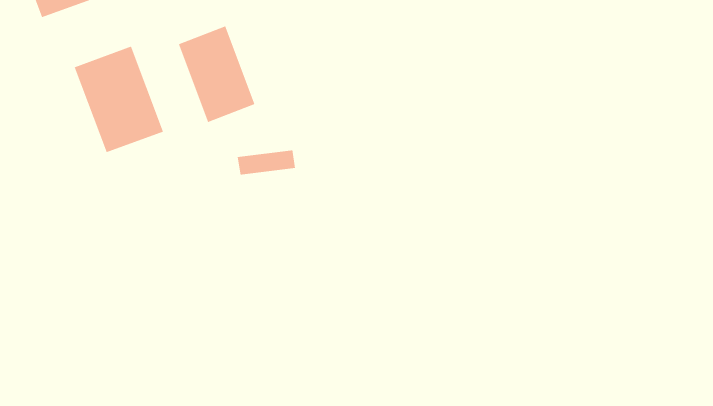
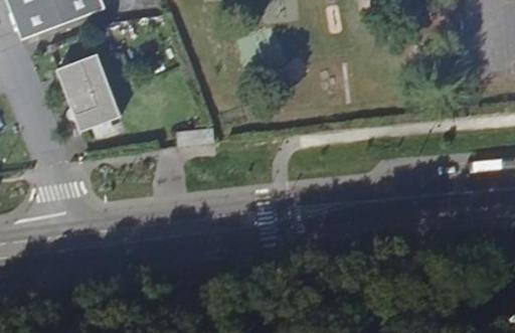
building: [178,25,255,123] -> none

